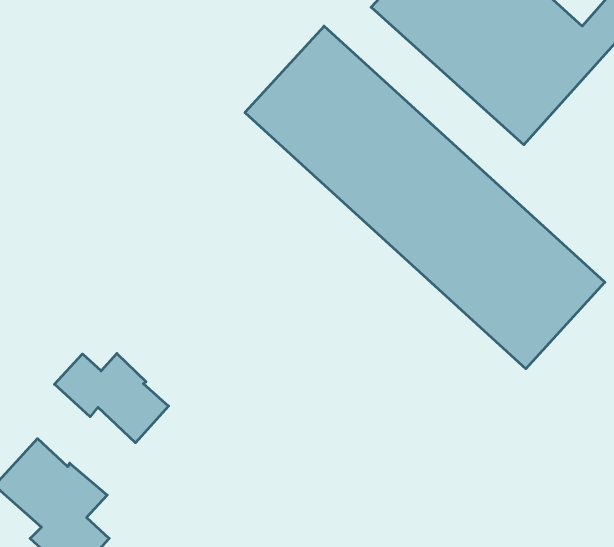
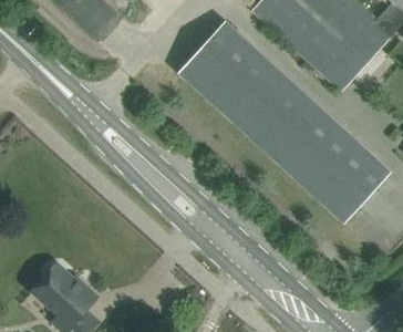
building: [54,353,169,443] -> none

